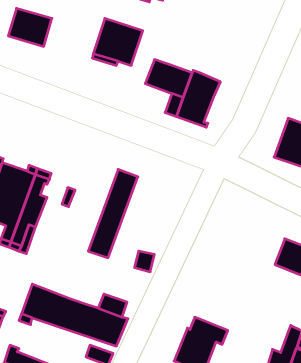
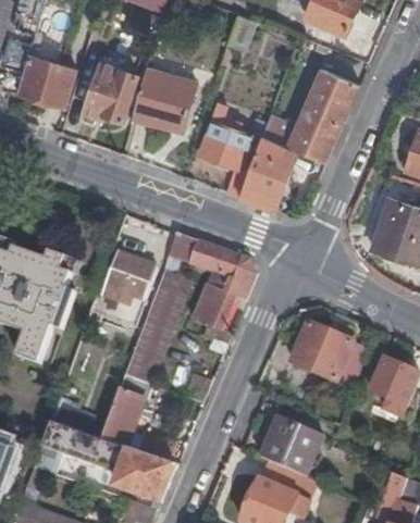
building: none -> [85,62,138,120]
building: none -> [262,67,360,163]
building: none -> [163,231,256,328]
building: none -> [106,251,157,298]
building: none -> [289,323,366,388]
building: none -> [101,374,152,445]
building: none -> [264,419,324,478]

